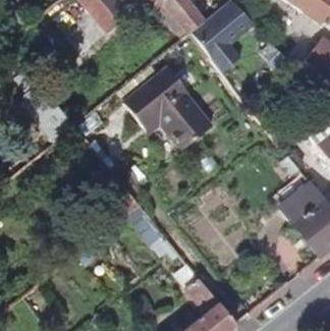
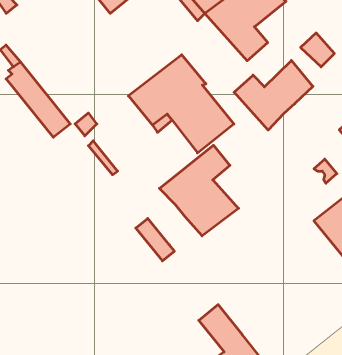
building: none -> [234,60,313,130]
building: none -> [159,145,239,236]

